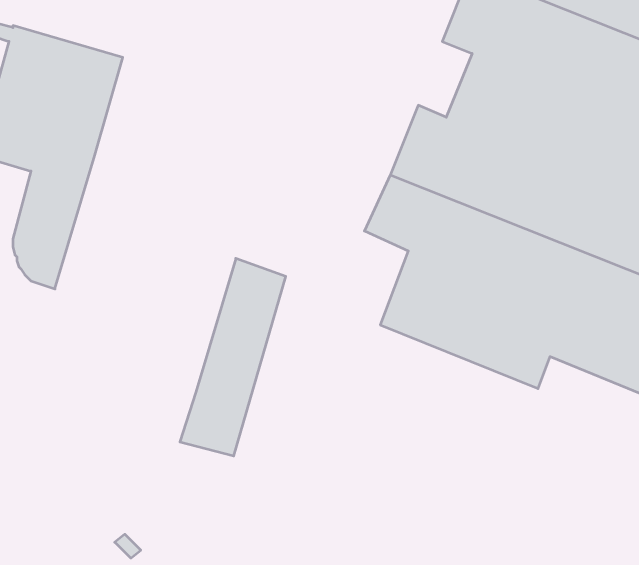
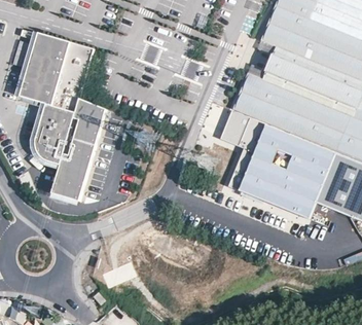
building: [180,258,286,456] -> [51,98,106,200]

